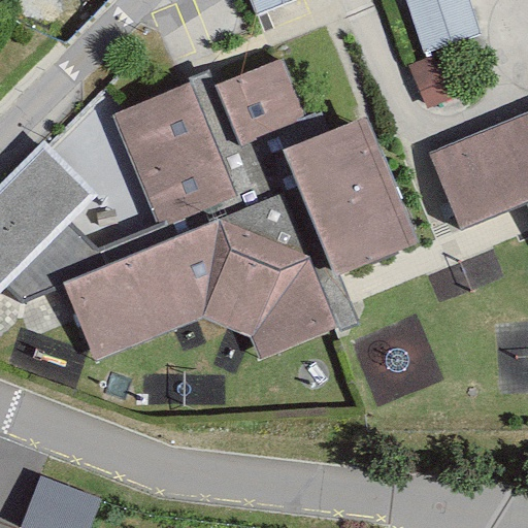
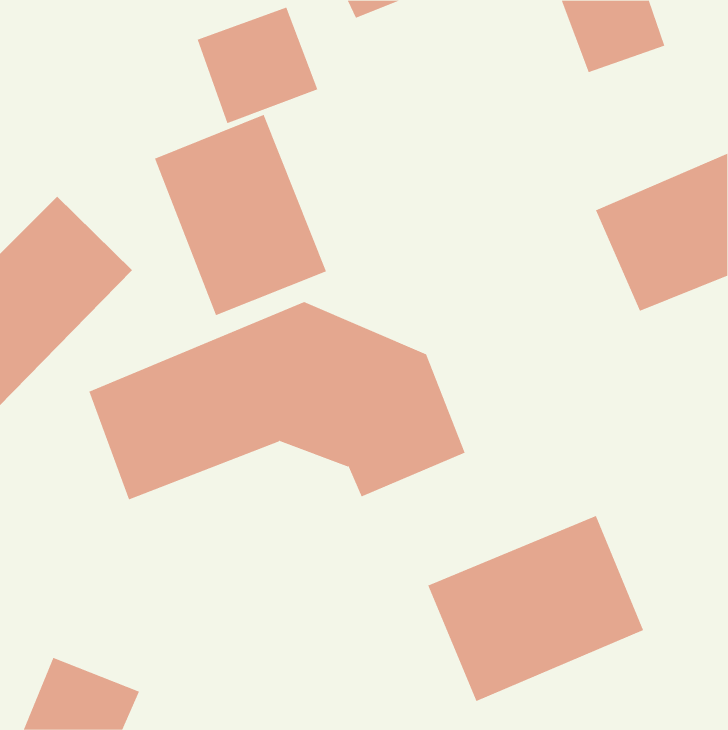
building: [218,60,305,144] -> [197,7,318,124]
building: [285,116,417,275] -> none
building: none -> [427,515,644,702]

